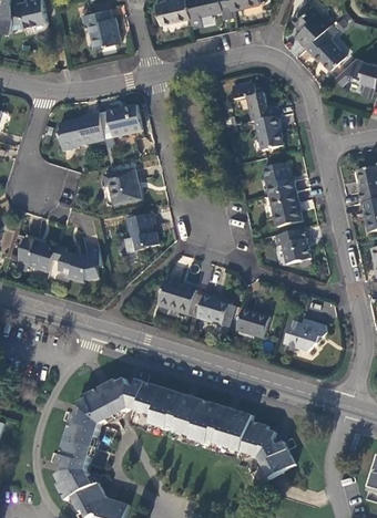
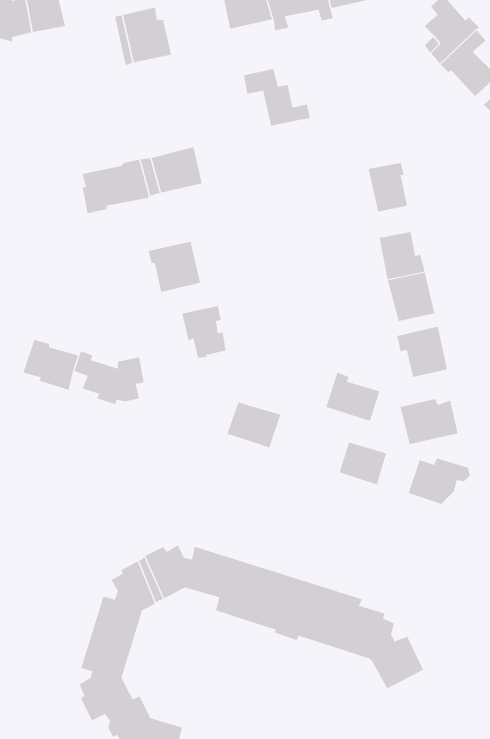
building: [233,81,279,121] -> [243,69,311,126]
building: none -> [400,398,458,445]
building: [196,292,234,327] -> [325,372,380,422]

